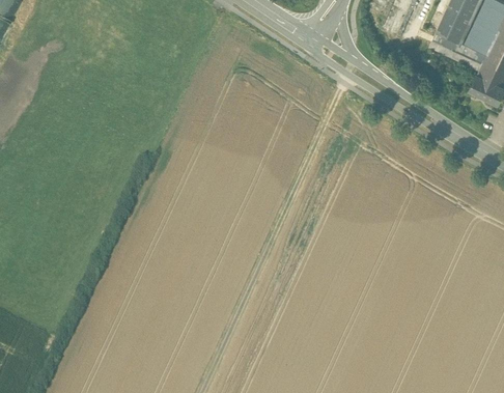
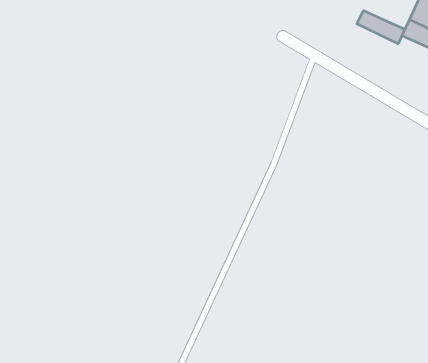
building: none -> [357,11,405,44]

